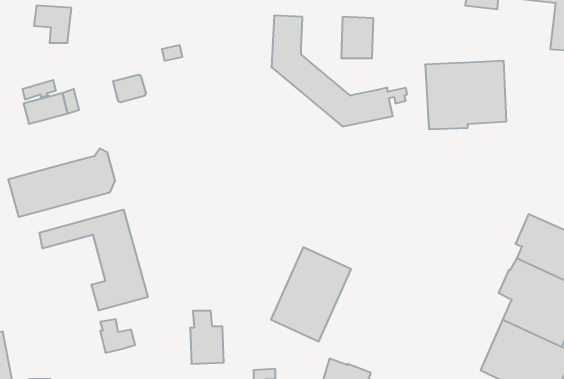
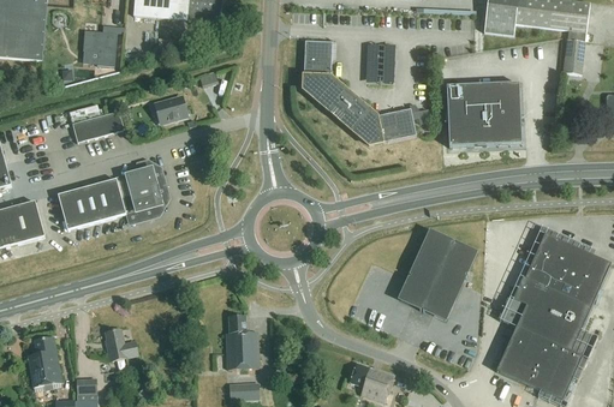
building: [39,210,148,311] -> none
building: [271,247,351,341] -> [401,232,476,319]
building: [100,319,135,353] -> [105,328,137,359]

